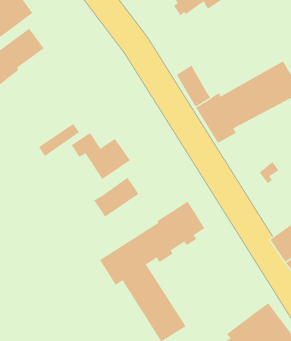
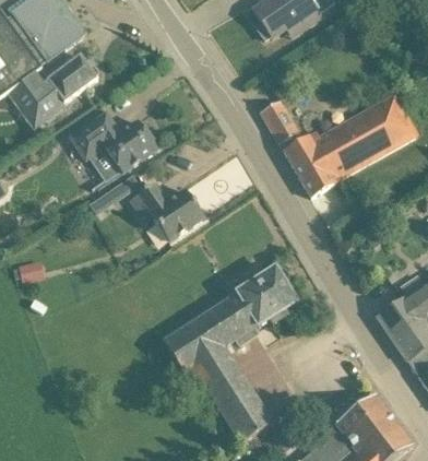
building: none -> [69,113,157,181]
building: [93,177,139,218] -> none

